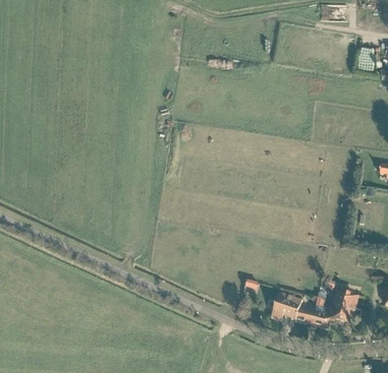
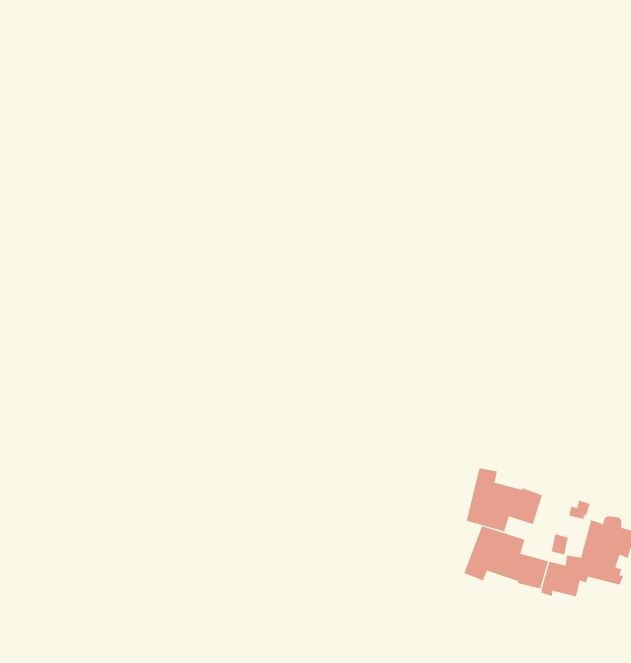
building: none -> [466,467,543,532]

